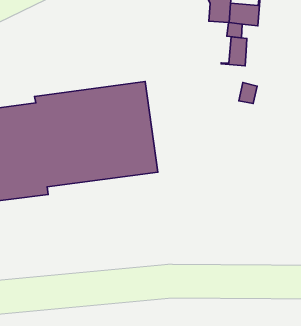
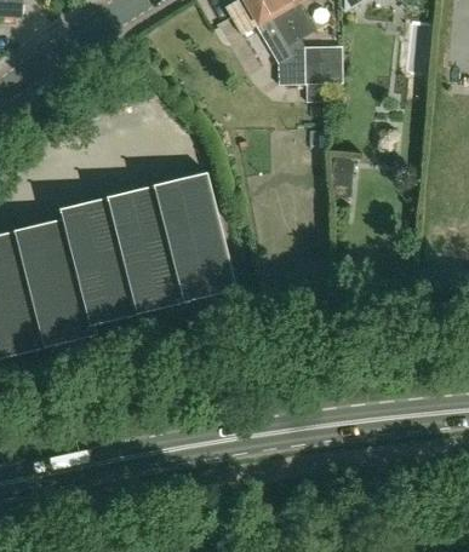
building: [221,37,247,66] -> none

